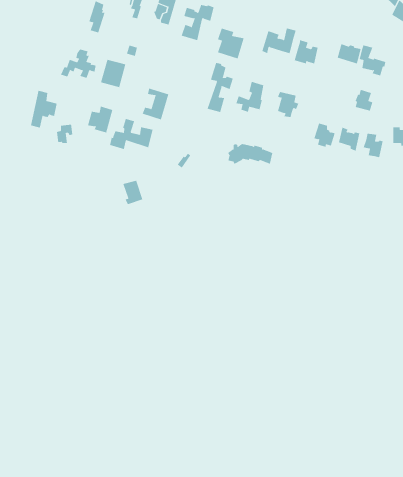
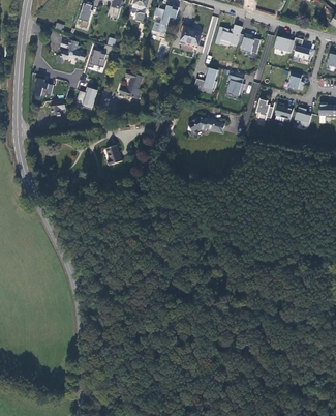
building: [207,62,234,113] -> none
building: [109,118,153,150] -> none

